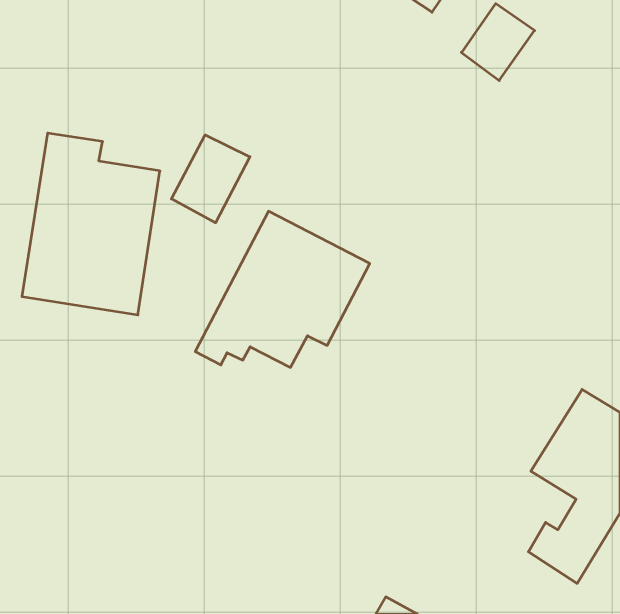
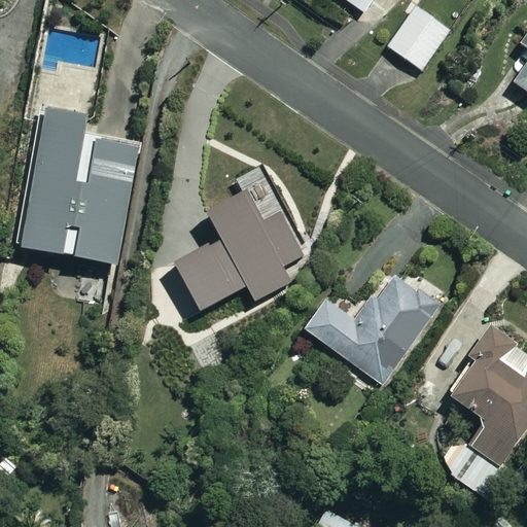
building: [171,135,250,223] -> none
building: none -> [307,274,440,383]

